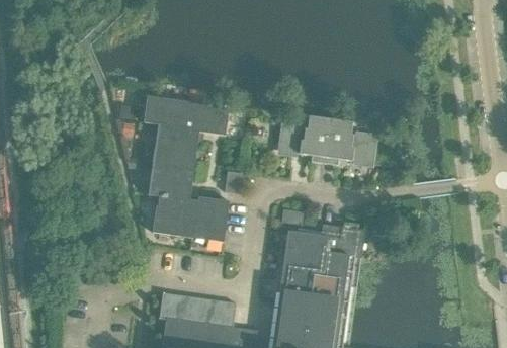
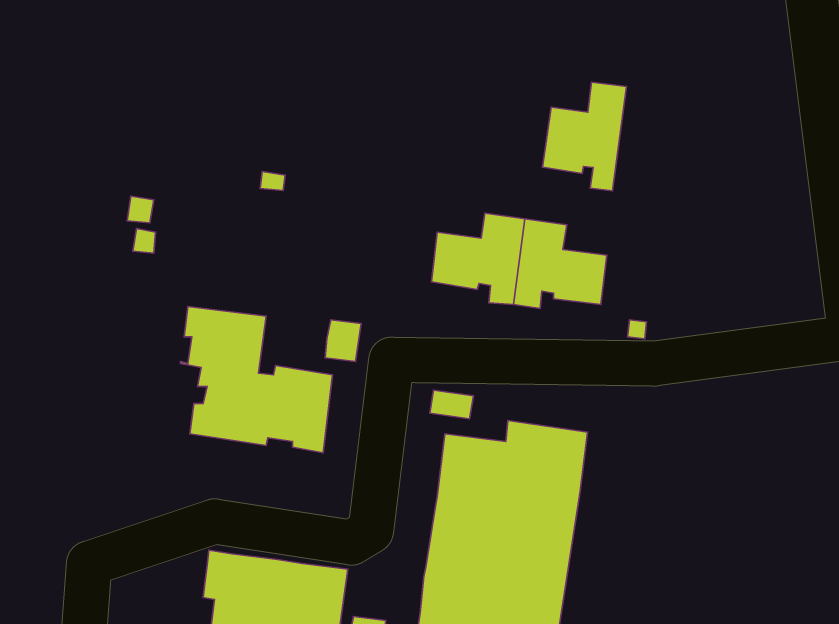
building: none -> [542,82,626,191]
building: [144,95,227,169] -> none

